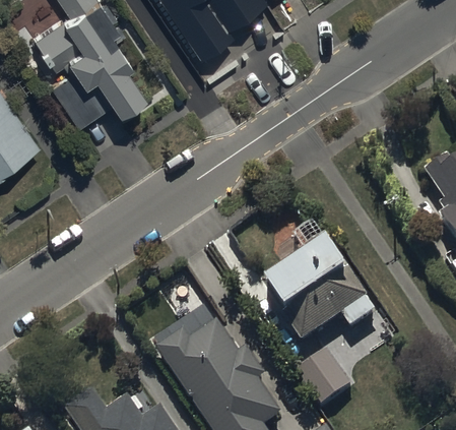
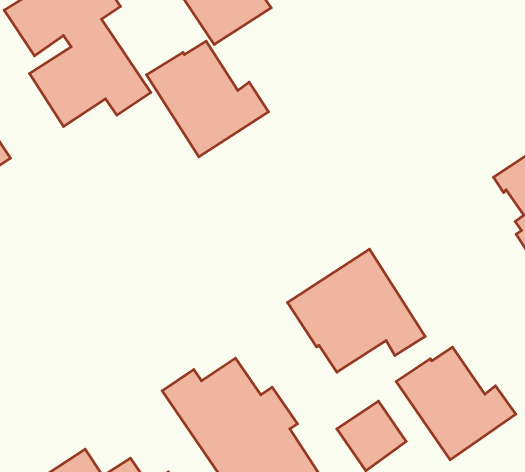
building: none -> [147,41,269,157]
building: none -> [396,347,516,460]

